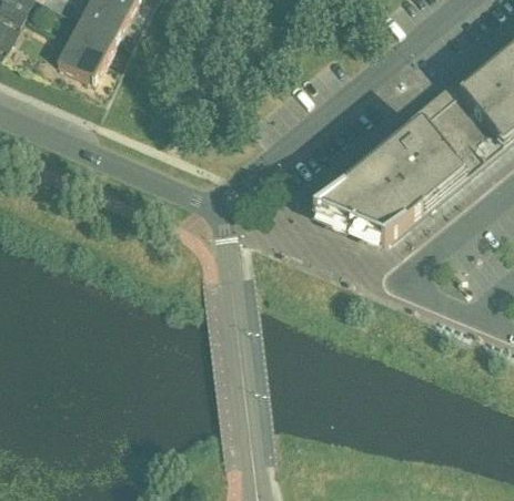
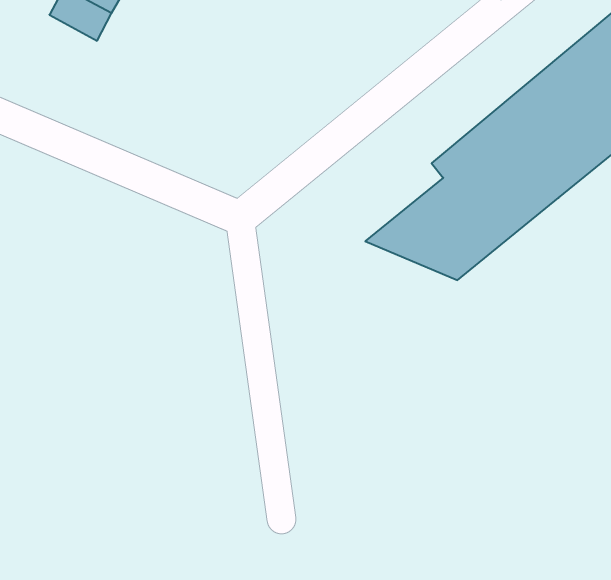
building: [57,40,105,82] -> none

